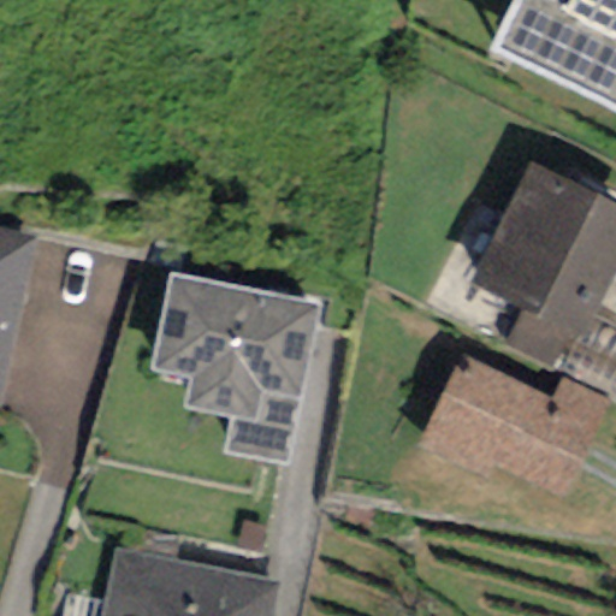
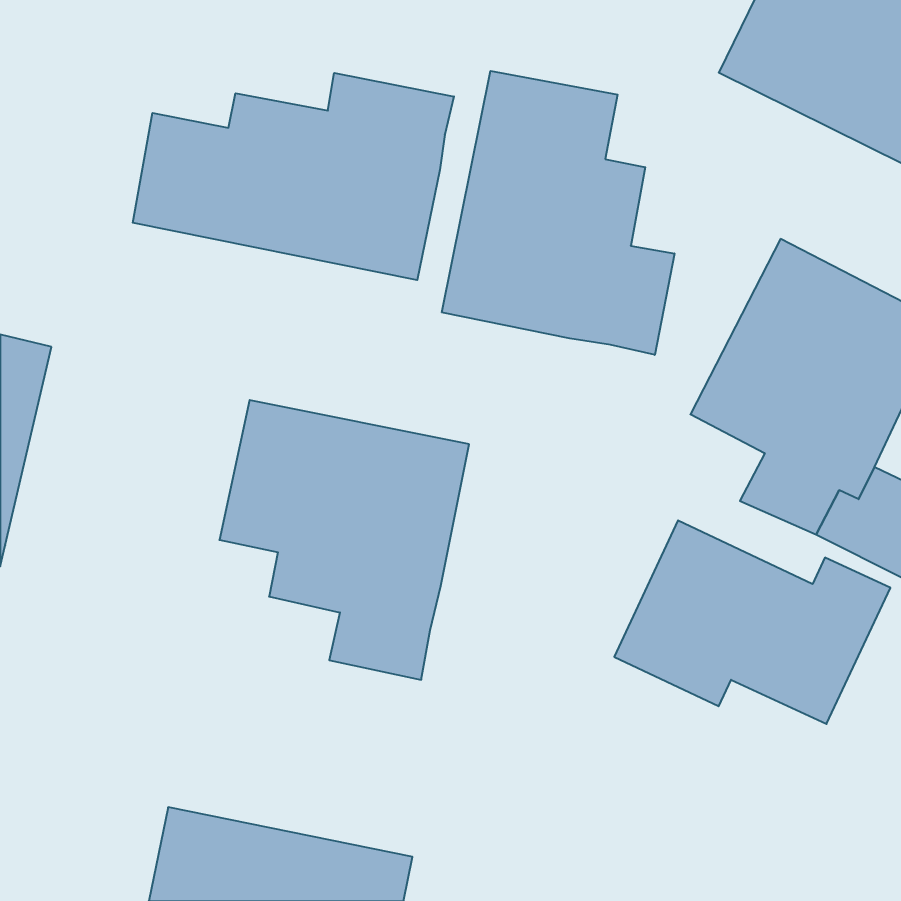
building: none -> [442,71,674,355]
building: none -> [133,73,454,280]

